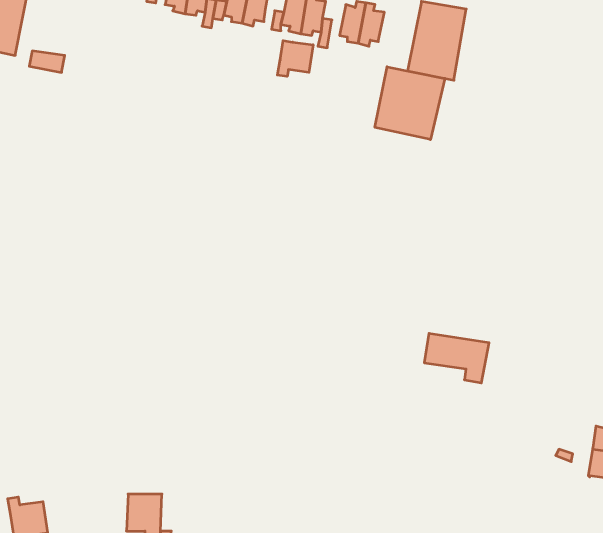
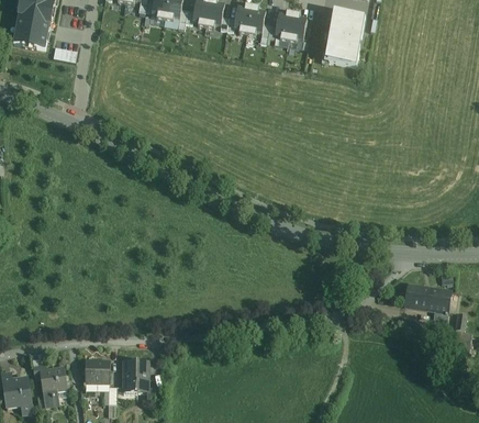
building: [277,41,313,76] -> none
building: [375,67,445,140] -> none
building: [424,333,489,383] -> [404,283,450,319]
building: none -> [85,359,110,382]

